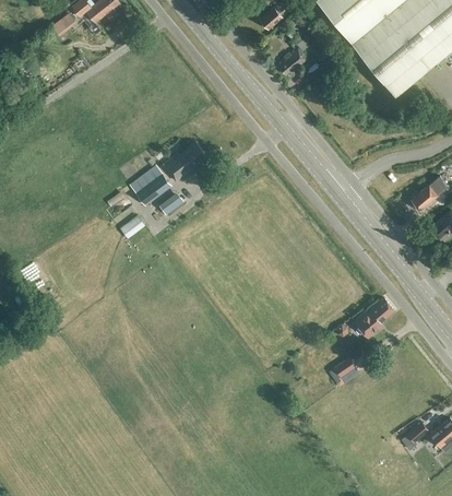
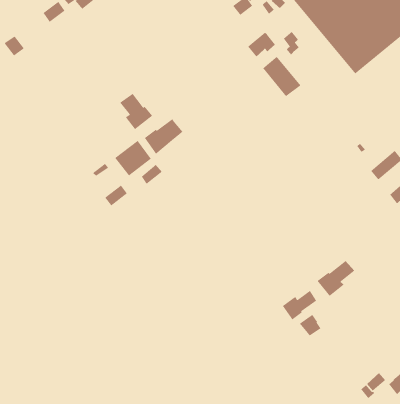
building: none -> [262,56,301,97]
building: none -> [119,93,153,130]
building: none -> [282,290,317,321]

